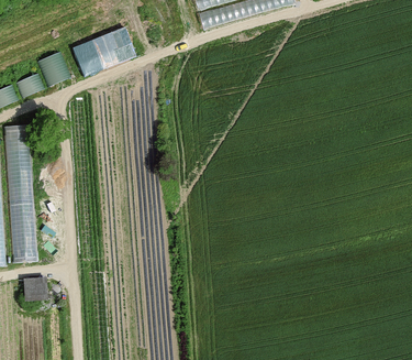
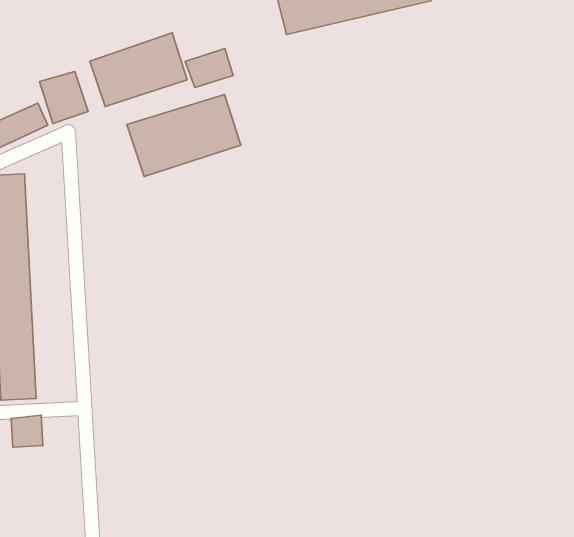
building: none -> [185,49,233,88]
building: none -> [127,94,241,177]

